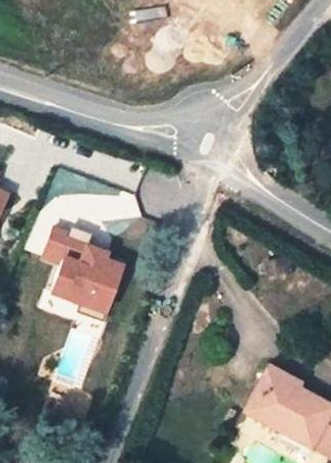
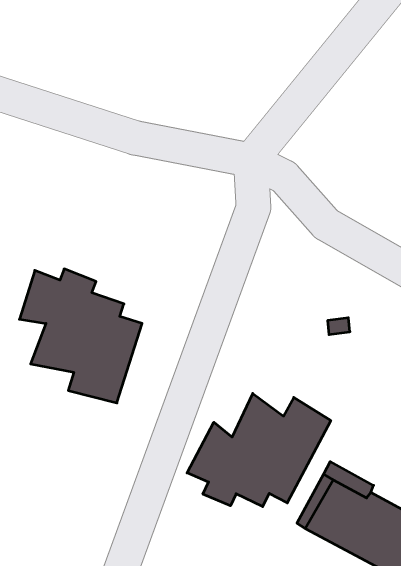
building: none -> [187,393,331,507]

